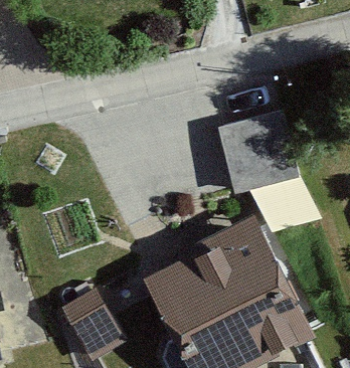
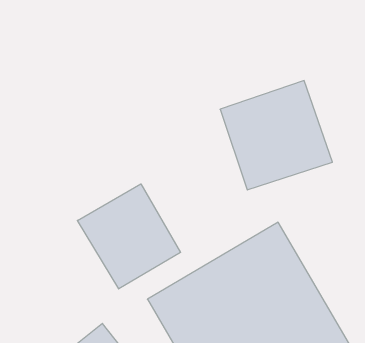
building: none -> [77,184,181,289]

